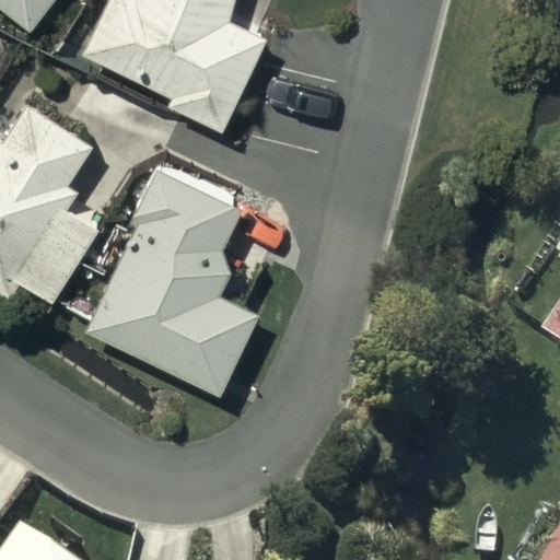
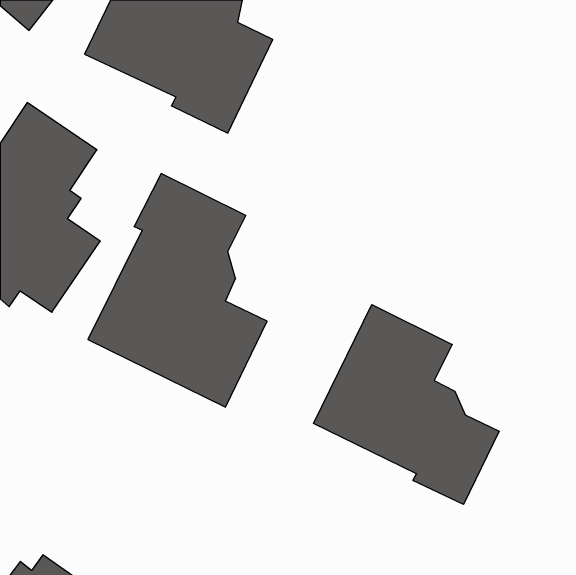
building: none -> [313,305,499,504]

